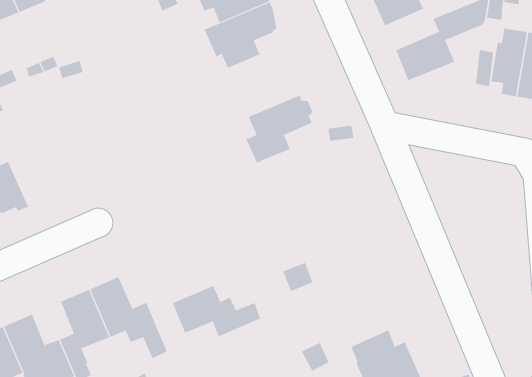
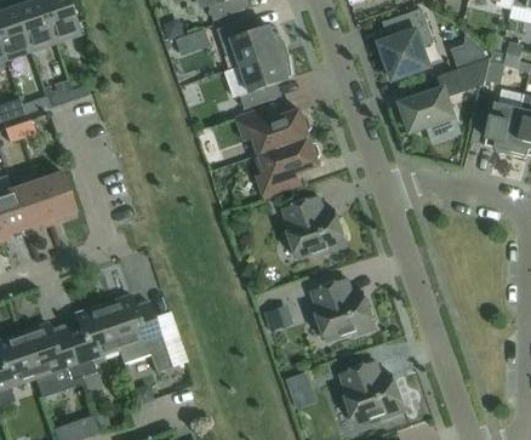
building: none -> [235,105,310,154]
building: none -> [35,171,75,223]
building: none -> [282,195,347,258]
building: none -> [310,278,376,341]
building: [172,285,261,337] -> none

